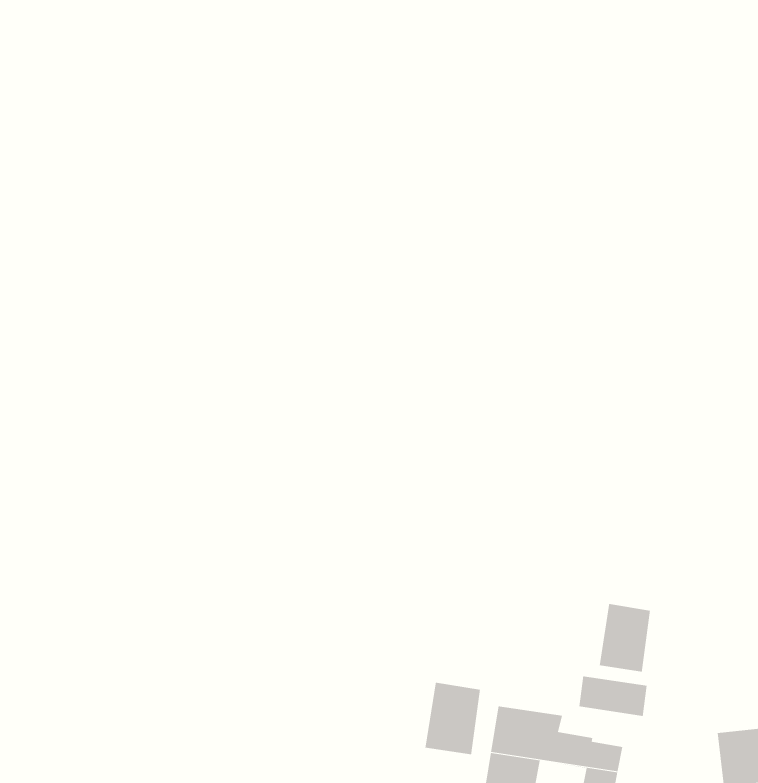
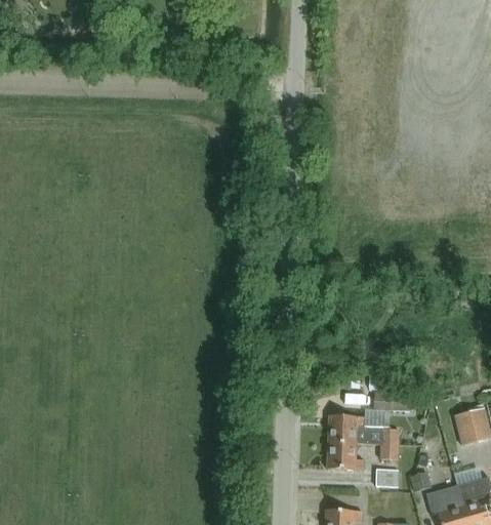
building: [599,603,650,672] -> none
building: [425,682,480,755] -> none

